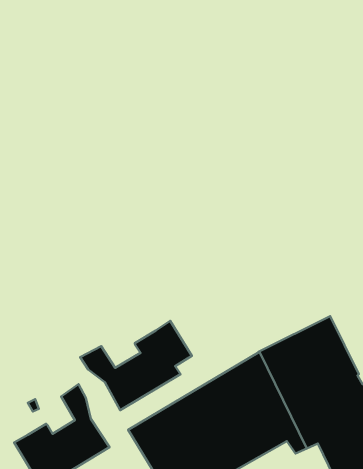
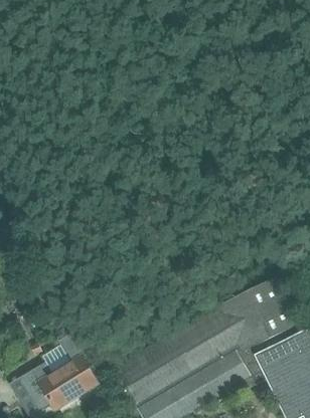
building: [80,321,192,410] -> none

